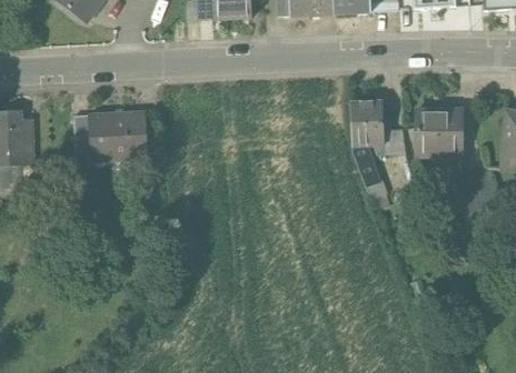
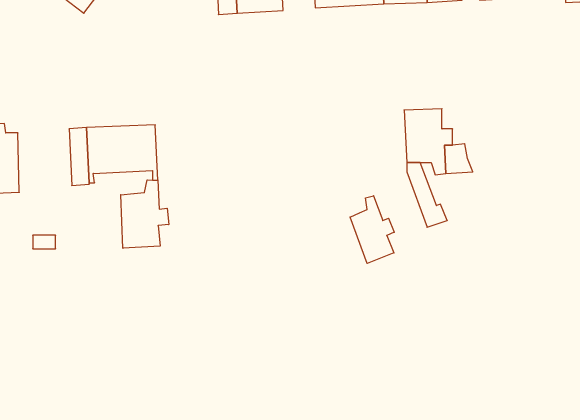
building: [416,108,462,153] -> none
building: none -> [121,180,169,248]
building: none -> [350,196,394,263]

